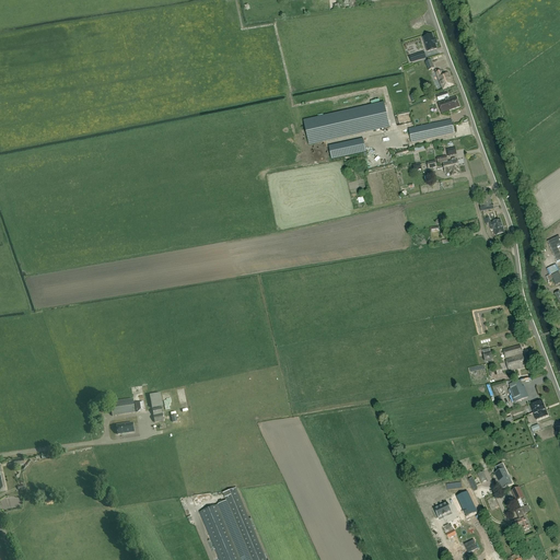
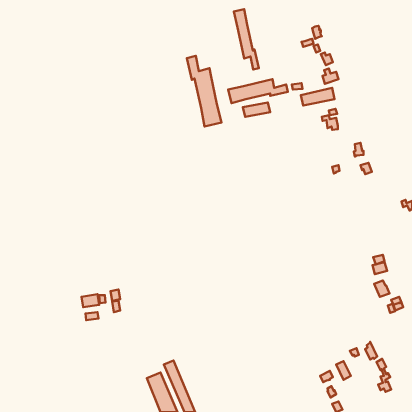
building: none -> [234,9,259,69]
building: none -> [187,56,221,126]

